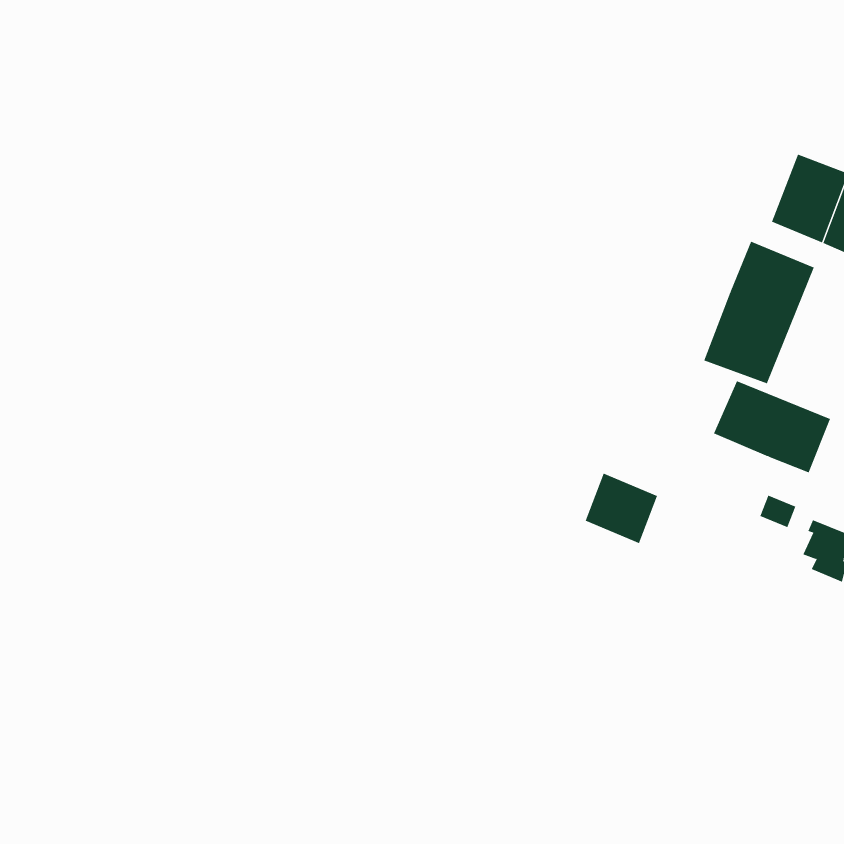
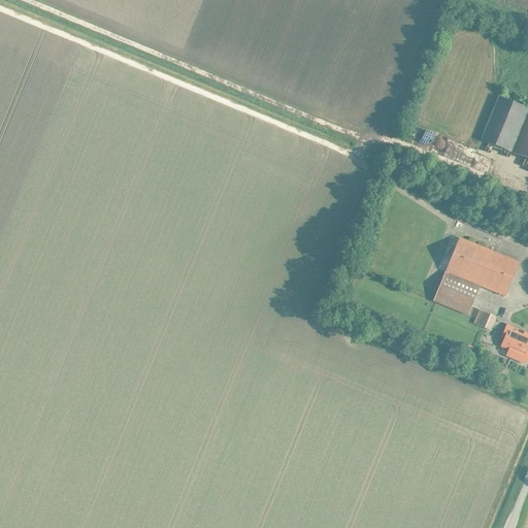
building: [703,241,814,384] -> none
building: [585,473,658,544] -> [434,270,480,315]

